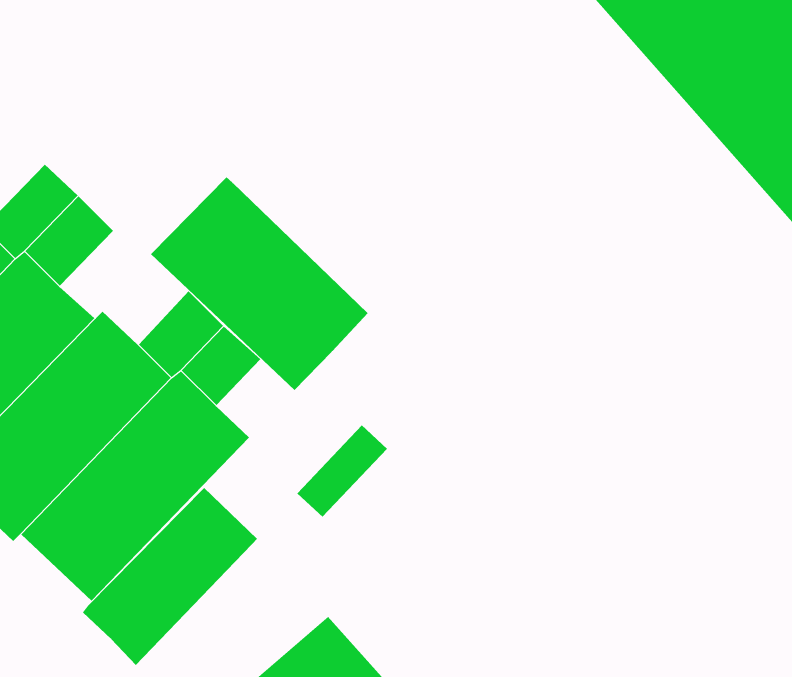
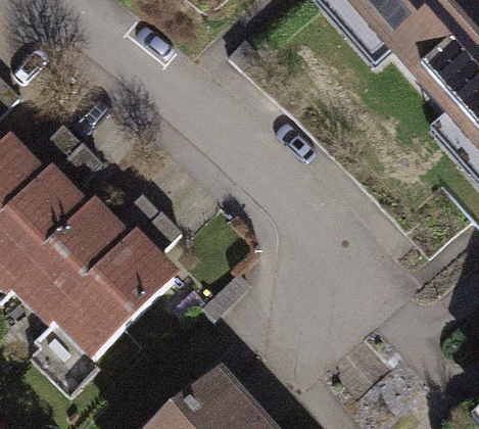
building: [150,176,369,391] -> none
building: [82,487,258,666] -> none

